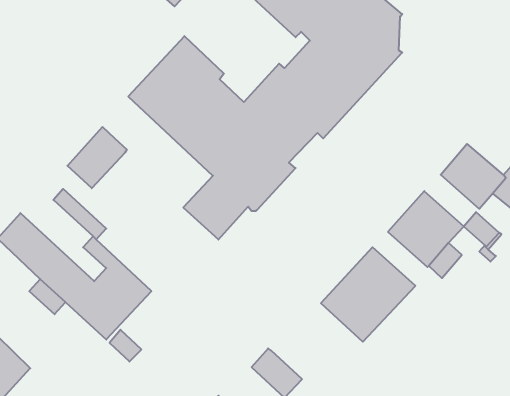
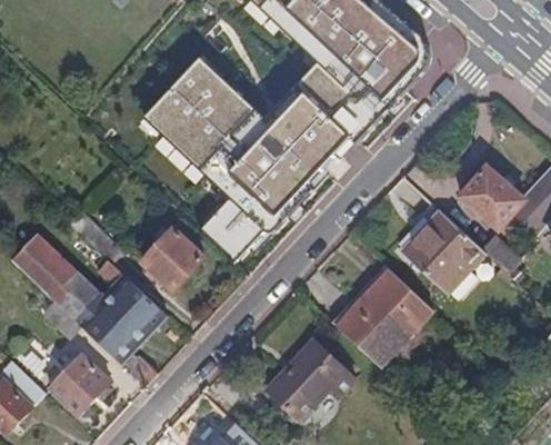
building: [67,127,127,188] -> none
building: none -> [142,229,202,289]
building: none -> [287,343,354,403]
building: none -> [58,344,118,405]

